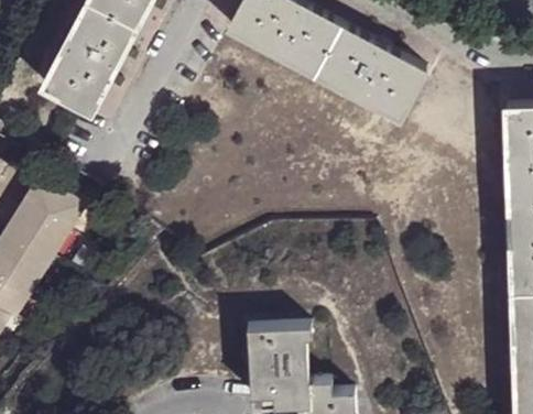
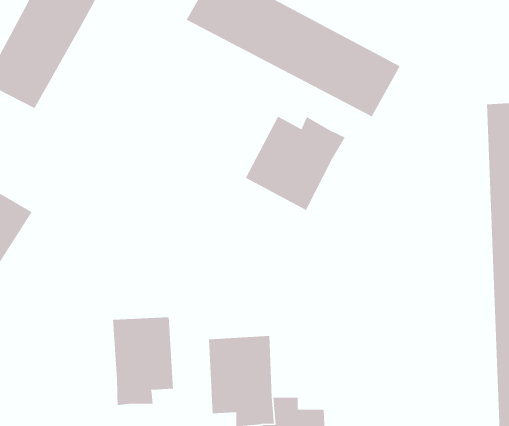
building: none -> [245,116,345,211]
building: none -> [112,316,174,406]

